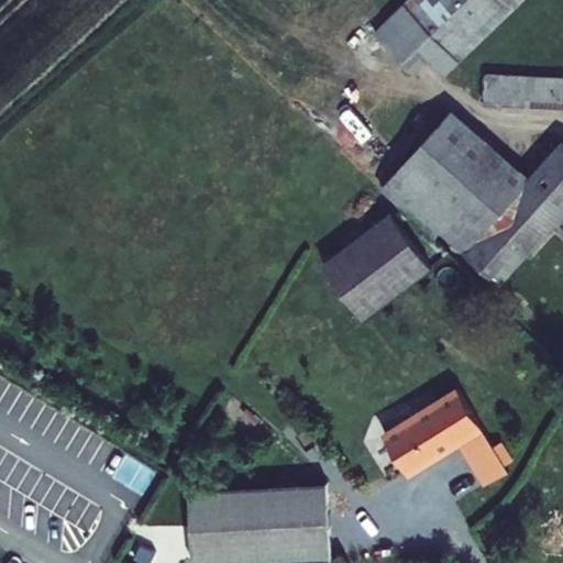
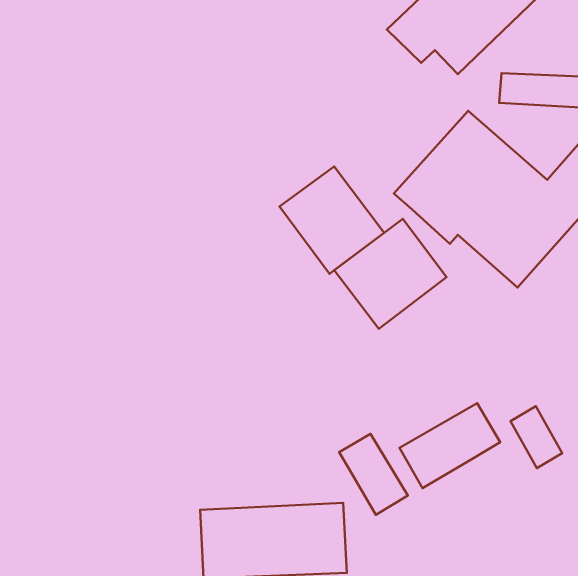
building: none -> [280,166,384,274]
building: none -> [339,434,408,515]
building: [456,431,506,490] -> [511,406,562,468]

